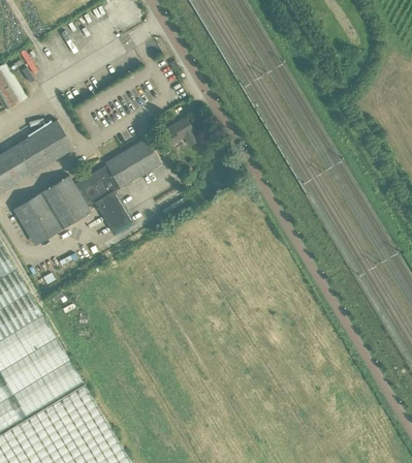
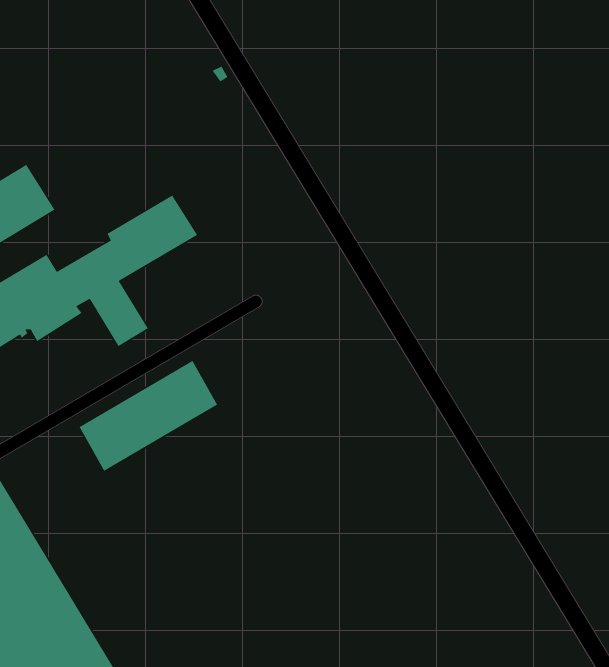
building: [164,118,199,146] -> none
building: none -> [79,360,218,472]

